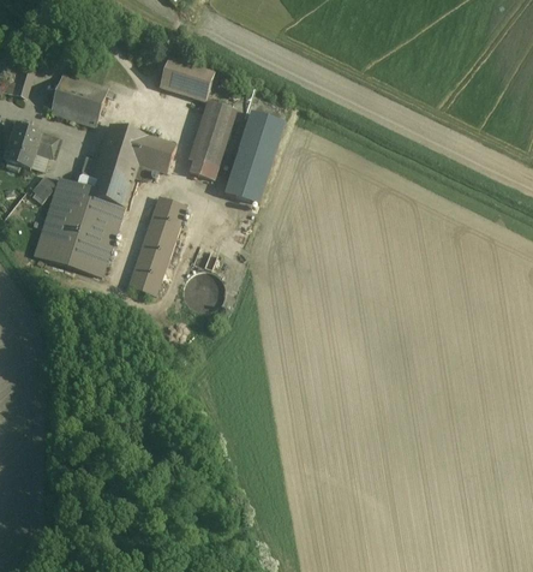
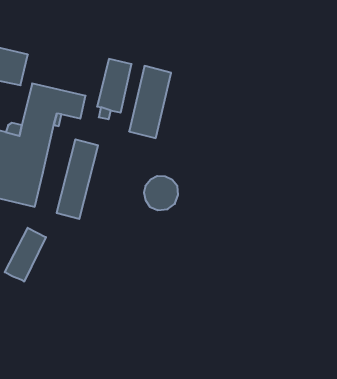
building: [160,59,214,101] -> none
building: [182,269,224,311] -> [144,176,178,210]
building: none -> [5,228,46,282]

